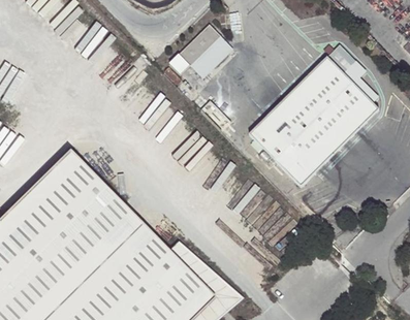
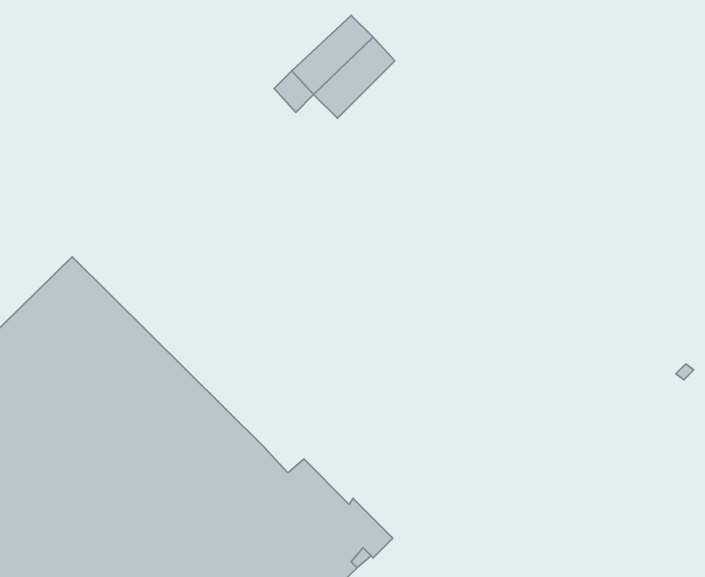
building: [251,43,380,185] -> none

